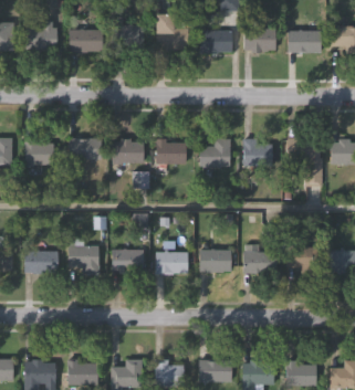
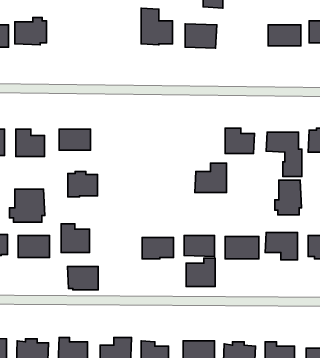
building: [109,14,143,53] -> none
building: [243,27,279,52] -> none
building: [66,28,102,53] -> none
building: [199,135,232,166] -> [195,163,226,193]
building: [112,139,143,166] -> [68,171,97,197]
building: [154,139,185,166] -> none
building: none -> [275,180,301,215]
building: none -> [9,189,45,222]
building: [113,247,145,272] -> [68,267,98,290]
building: none -> [186,258,215,287]

